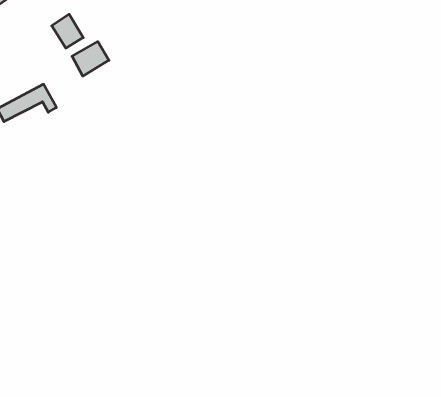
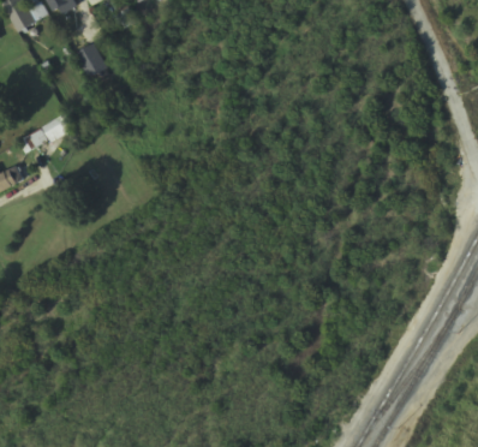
building: [72,42,109,76] -> none

